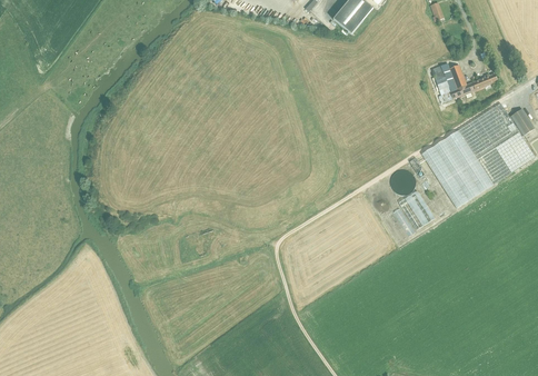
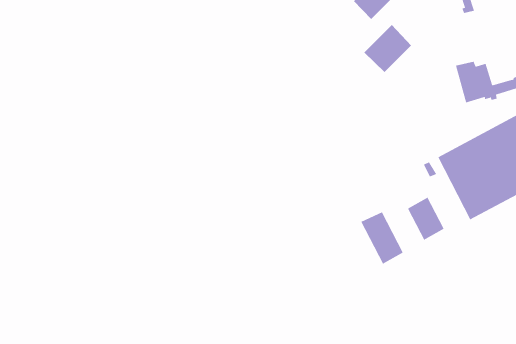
building: none -> [364,24,412,73]
building: none -> [360,212,404,265]

